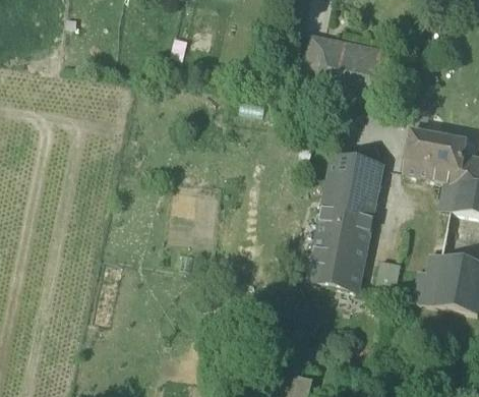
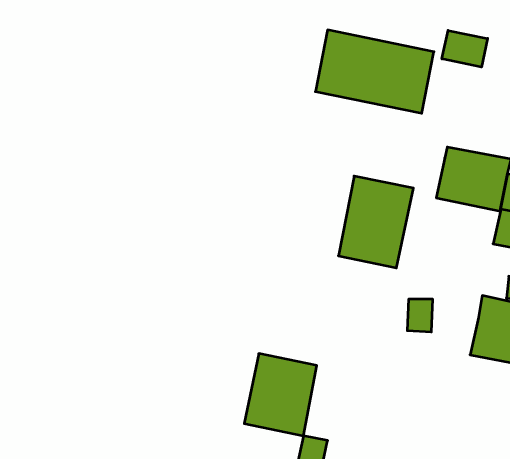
building: none -> [442,30,488,67]
building: [307,220,368,289] -> [244,354,317,436]
building: [410,268,437,303] -> none

